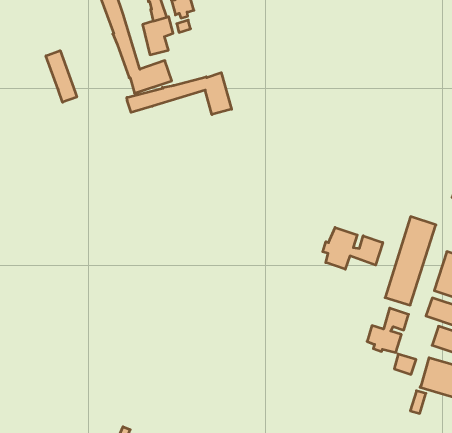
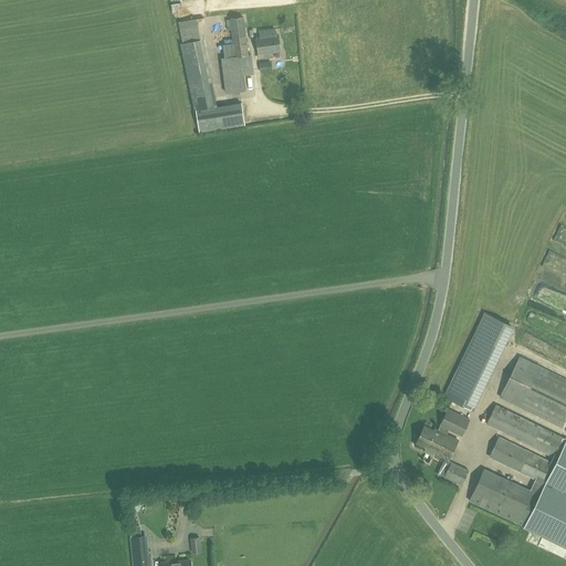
building: [46,51,77,102] -> none
building: [127,73,232,115] -> none
building: [323,227,383,269] -> none

